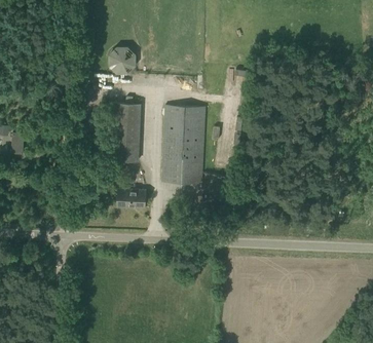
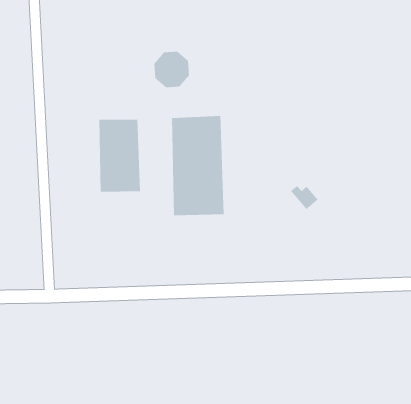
building: [108,46,136,74] -> [153,51,190,88]
building: [116,189,146,208] -> none

